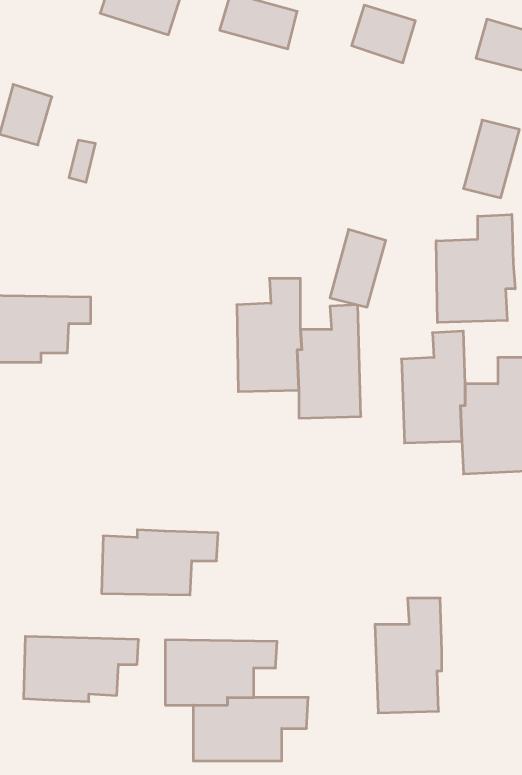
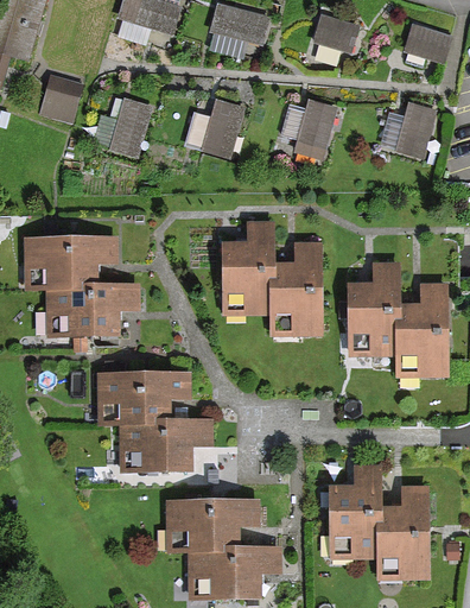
building: none -> [203,99,246,158]
building: none -> [110,100,153,158]
building: [436,214,515,323] -> none
building: [330,229,386,307] -> [296,101,338,160]
building: none -> [47,279,135,330]
building: none -> [376,487,424,574]
building: [24,636,139,702] -> [97,370,185,420]

